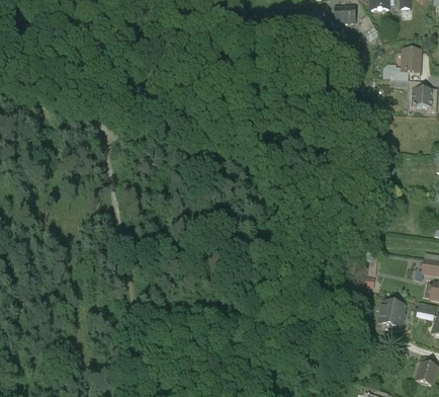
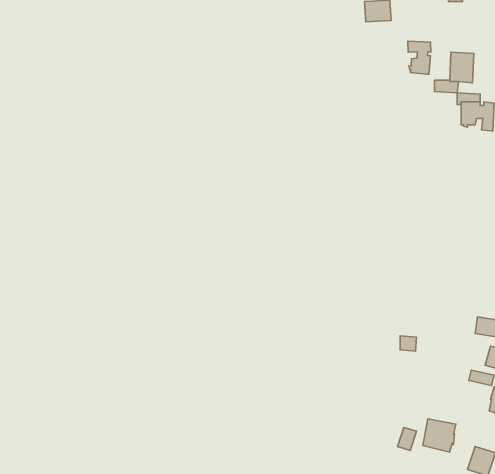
building: none -> [408,41,431,74]
building: [378,301,405,327] -> [423,419,456,452]

